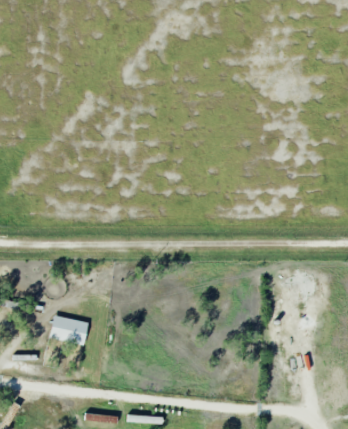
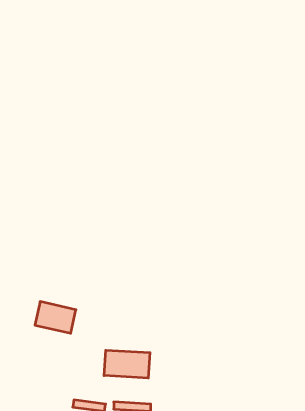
building: none -> [104,350,150,378]

